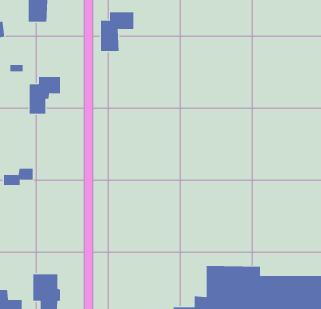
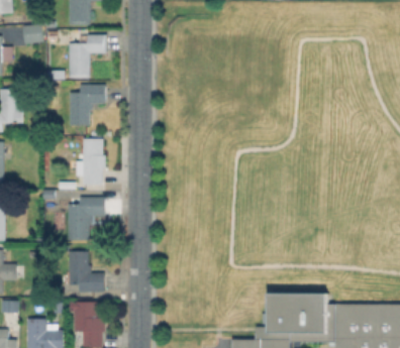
building: [100,12,134,51] -> [69,34,106,78]
building: none -> [76,138,105,185]
building: none -> [68,197,104,240]
building: none -> [68,251,104,293]

